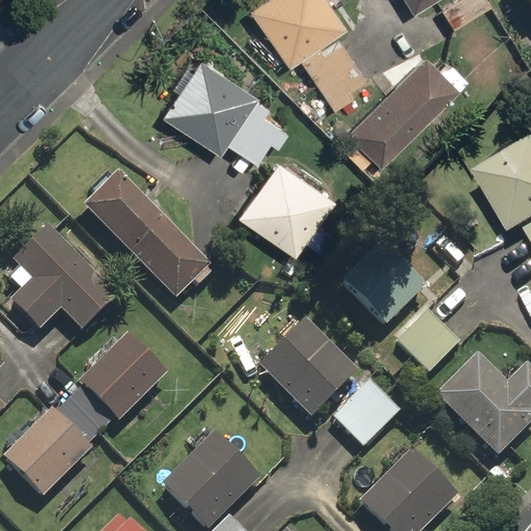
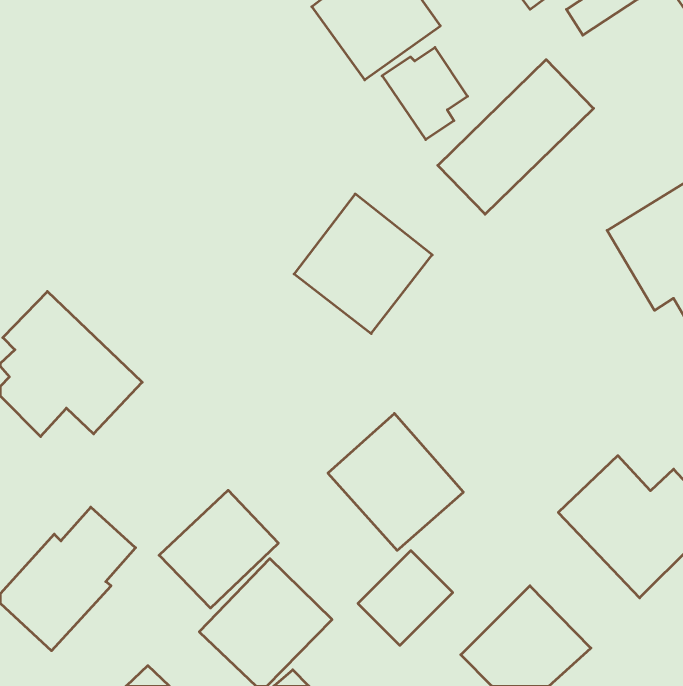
building: [159,54,289,162] -> none
building: [82,169,212,301] -> none
building: [337,237,426,326] -> none
building: [395,303,464,372] -> none
building: [78,331,169,421] -> [159,490,278,608]
building: [332,376,404,449] -> [358,551,453,645]

